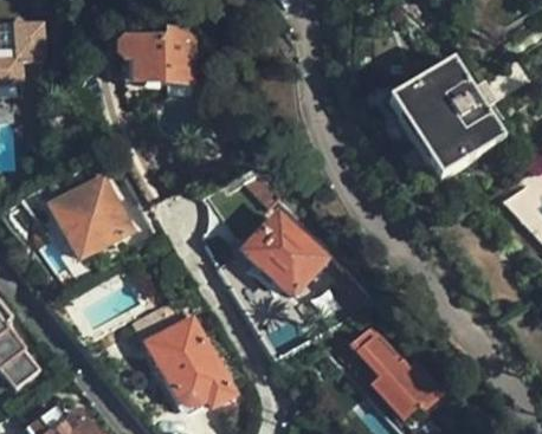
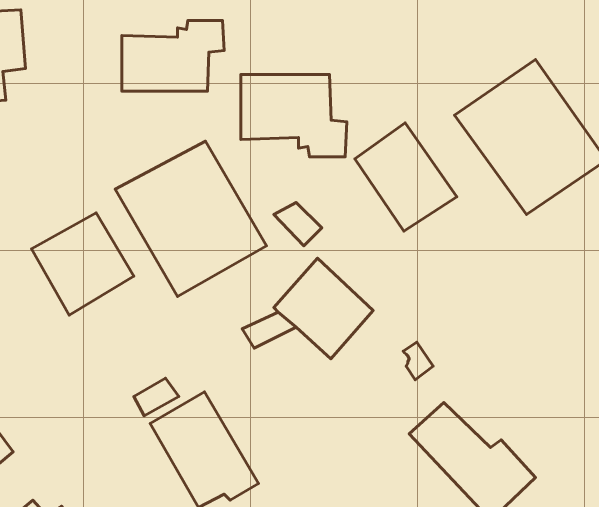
building: none -> [241,75,347,157]
building: none -> [355,123,457,231]
building: none -> [115,141,266,296]

